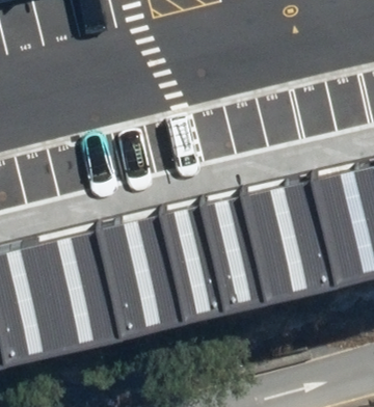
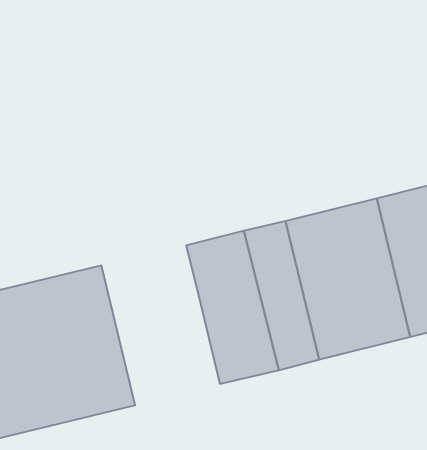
building: [95,217,186,341] -> none

